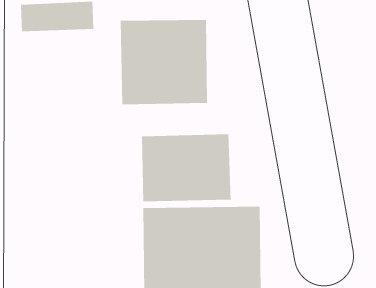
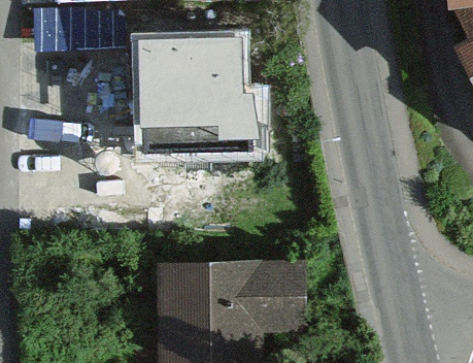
building: [142,134,231,202] -> none

